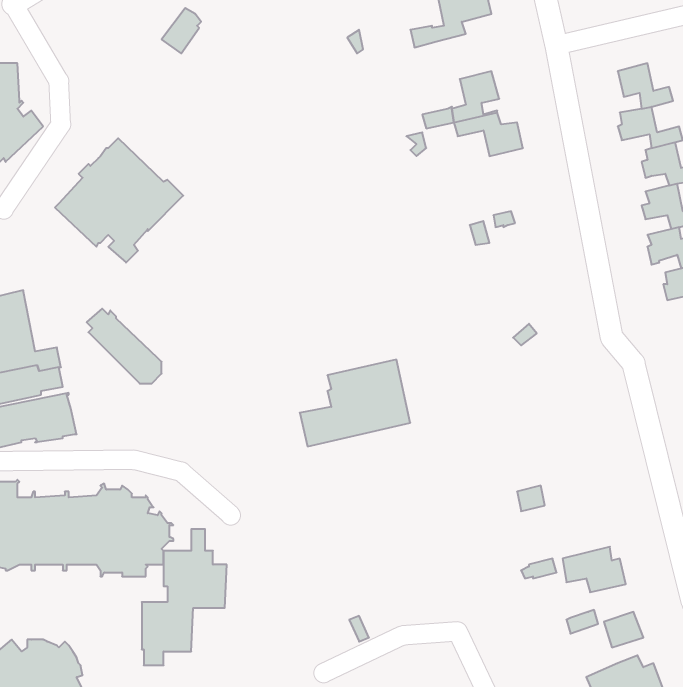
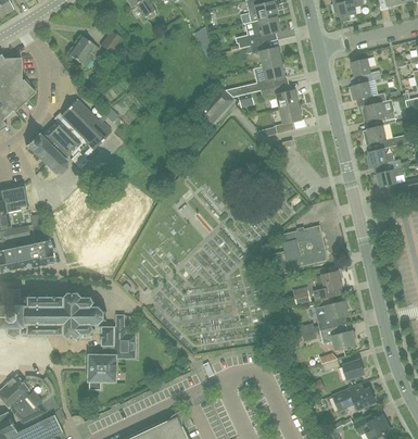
building: none -> [68,36,99,67]
building: none -> [251,41,281,66]
building: none -> [200,90,232,124]
building: none -> [276,104,302,134]
building: [87,309,162,384] -> [25,131,66,173]
building: [300,360,410,446] -> [267,225,328,273]
building: none -> [314,271,342,300]
building: none -> [315,301,347,330]

